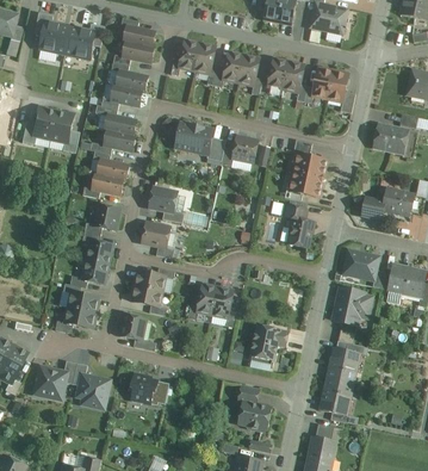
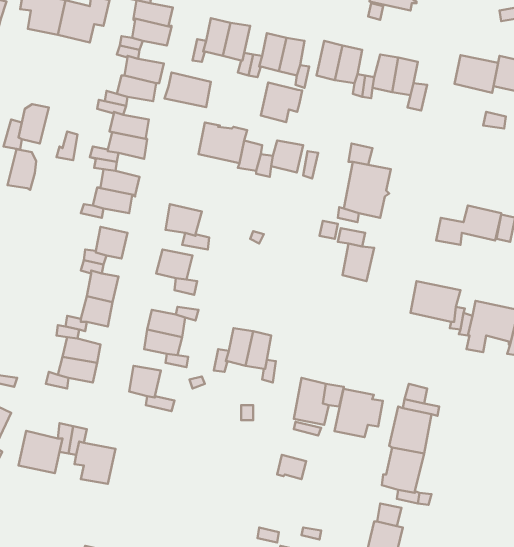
building: none -> [164,73,211,107]
building: none -> [261,83,302,122]
building: [49,110,72,142] -> [7,149,36,190]
building: [372,123,407,153] -> [454,55,498,93]
building: [333,286,371,324] -> [334,389,383,437]
building: [130,372,169,407] -> none
building: [237,399,271,430] -> none

